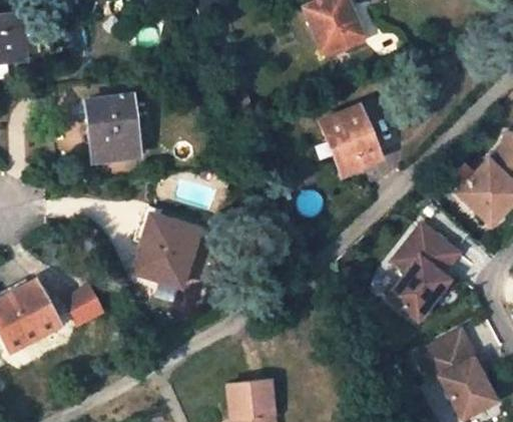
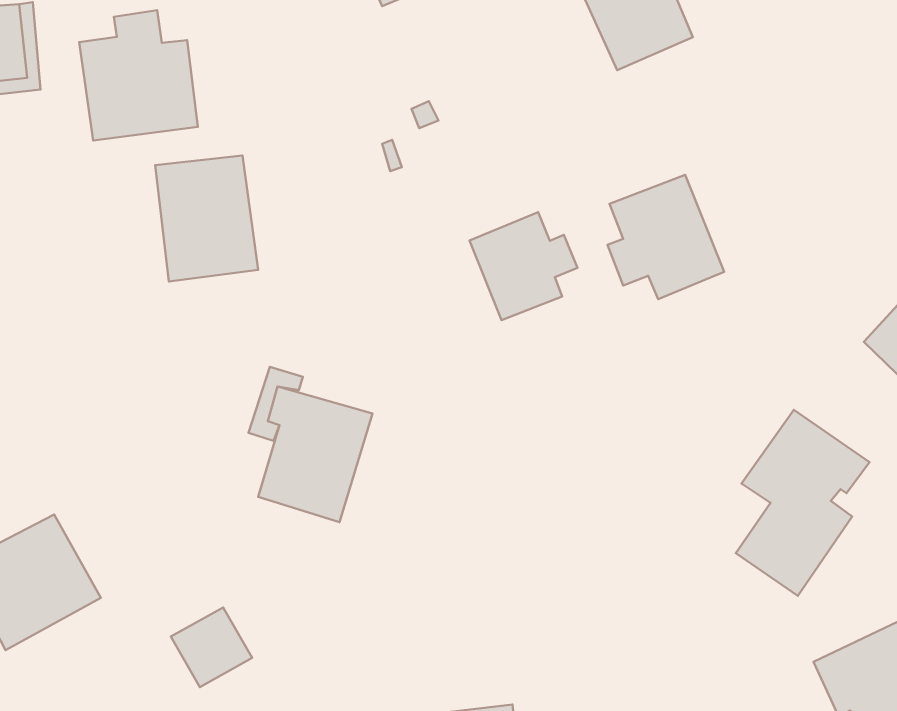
building: none -> [79,10,198,140]
building: none -> [470,212,578,320]
building: [61,285,103,326] -> [171,607,252,687]

